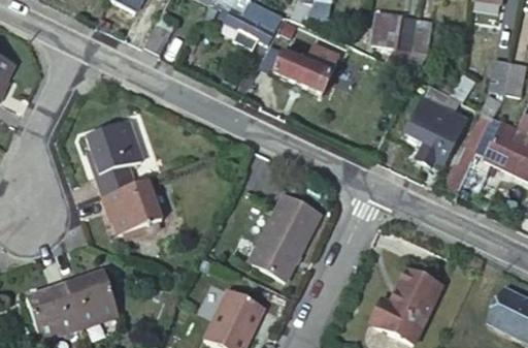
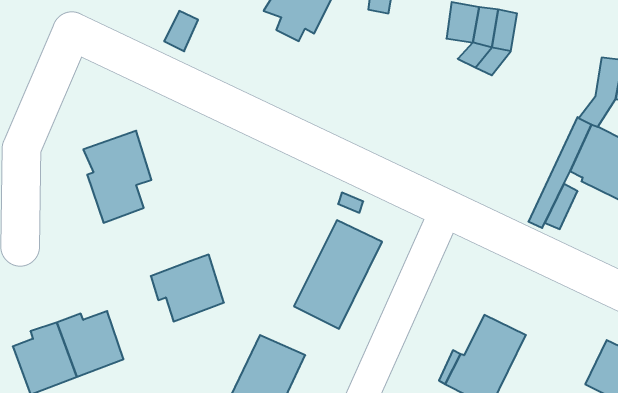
building: [275,37,342,89] -> none
building: [401,82,463,162] -> none
building: [97,177,157,231] -> [151,255,224,321]

